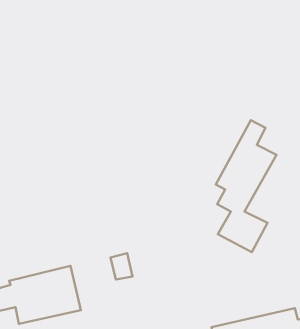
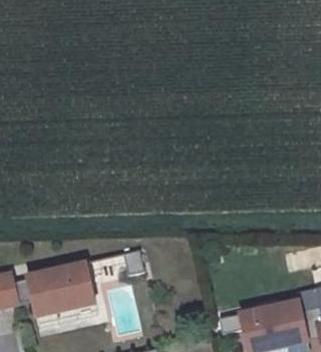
building: [216,120,276,252] -> none

